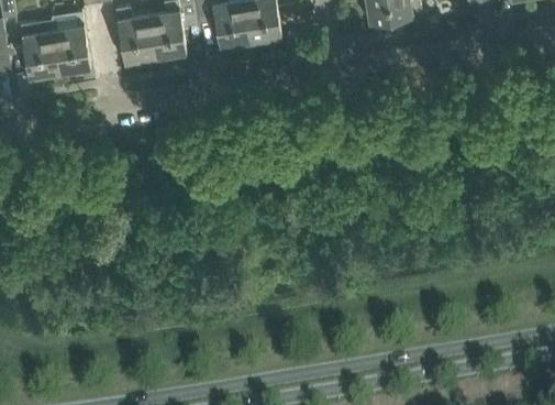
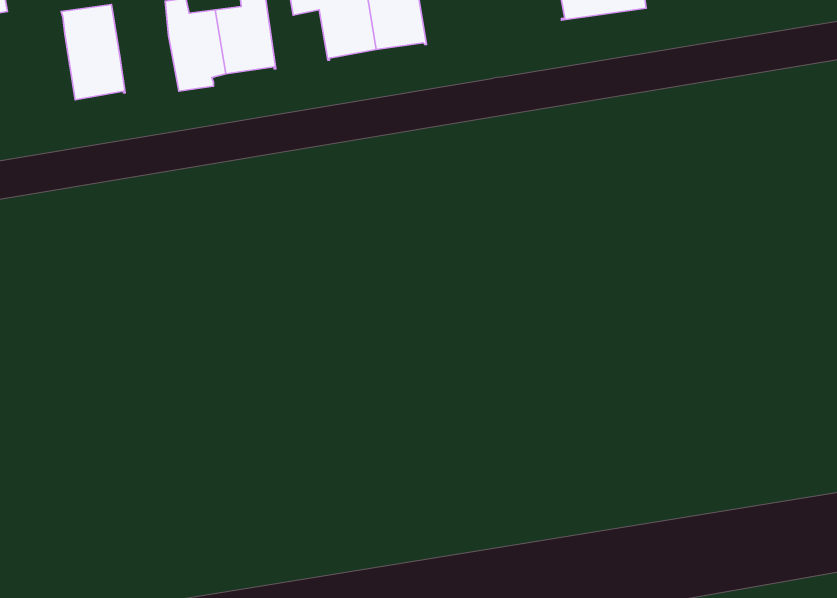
building: [19,21,58,83] -> none

